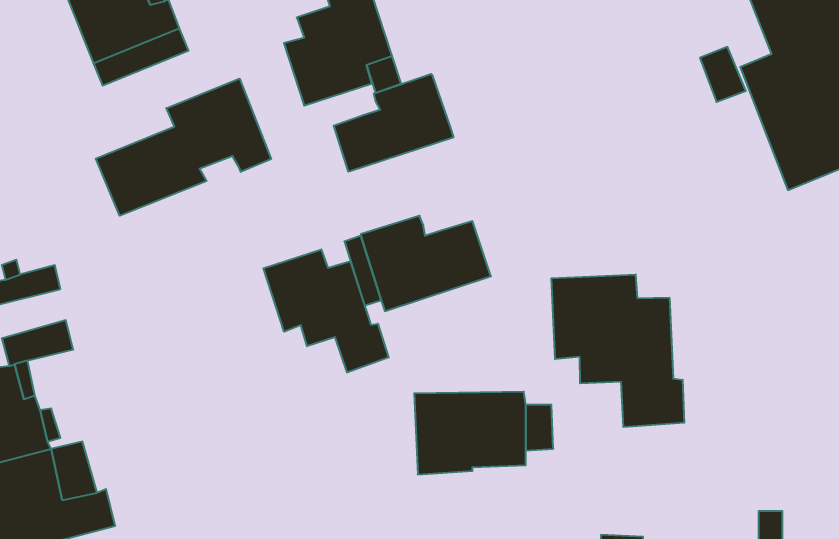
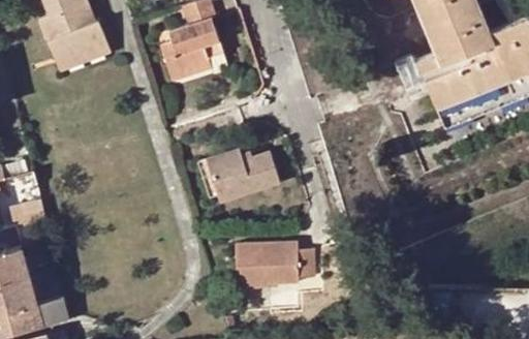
building: [334,74,453,172] -> none
building: [96,79,271,216] -> none
building: [263,249,389,373] -> none
building: [551,274,684,427] -> none

